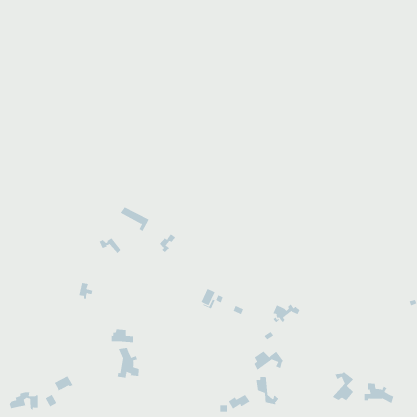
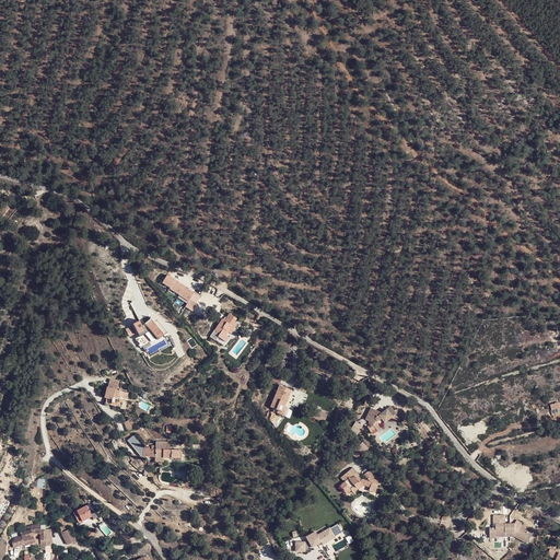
building: [117,347,139,378] -> none
building: [332,371,354,401] -> none
building: [256,376,279,405] -> none

